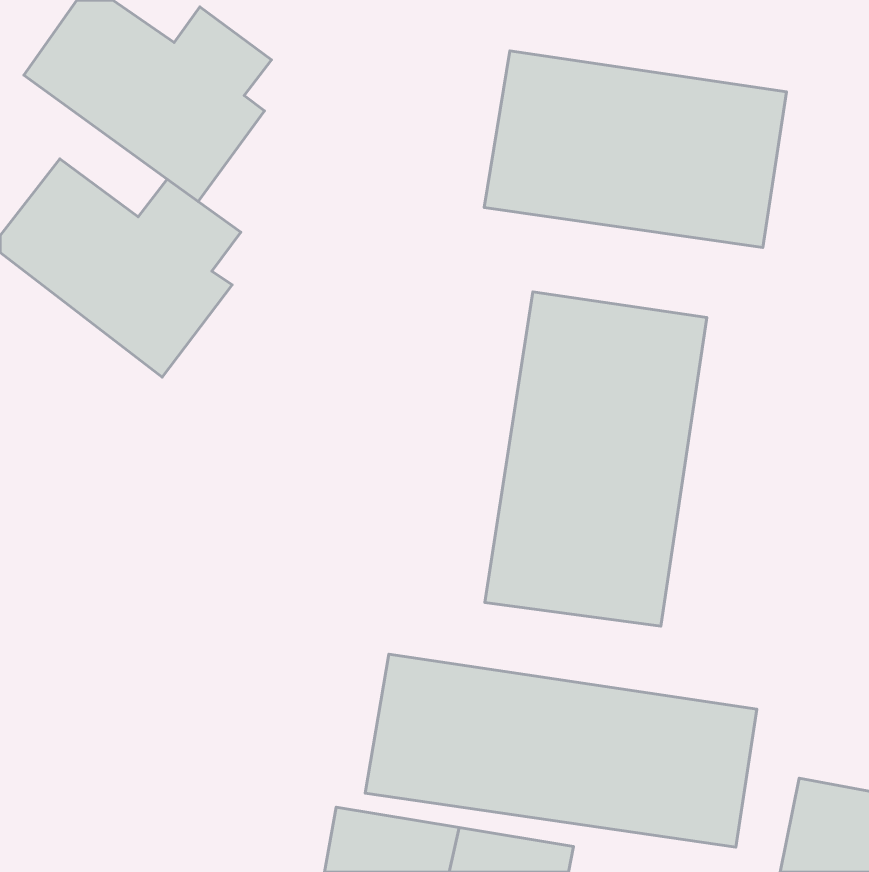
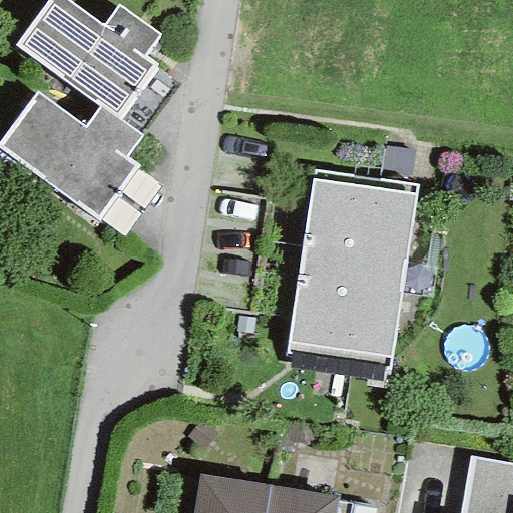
building: [484,51,786,248] -> none
building: [365,654,757,847] -> none

